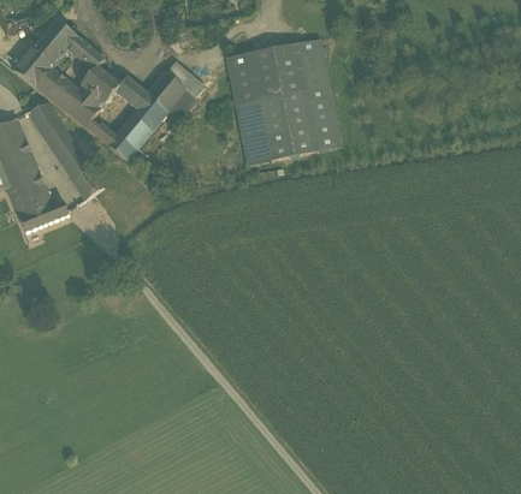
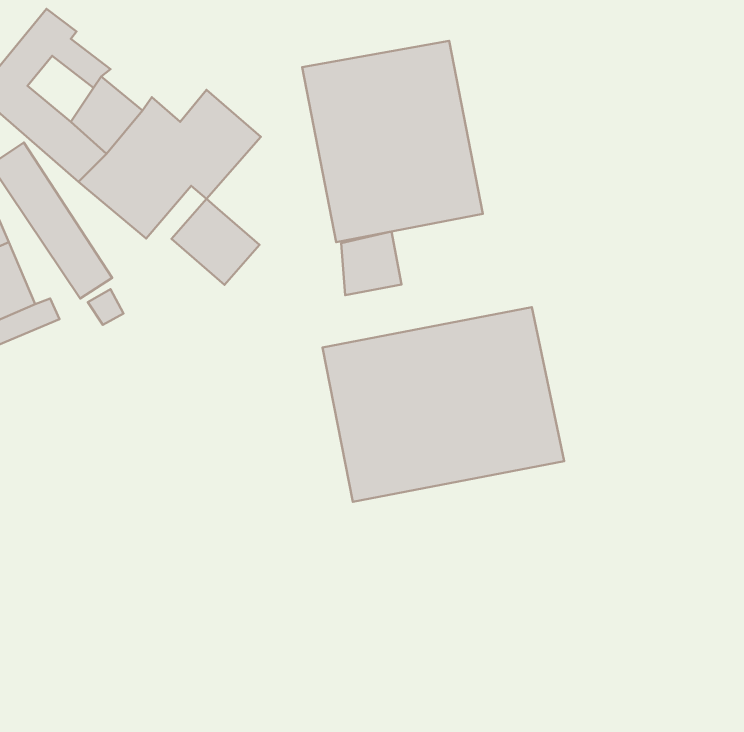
building: none -> [171,199,259,285]
building: none -> [341,231,402,295]
building: none -> [323,307,564,502]

